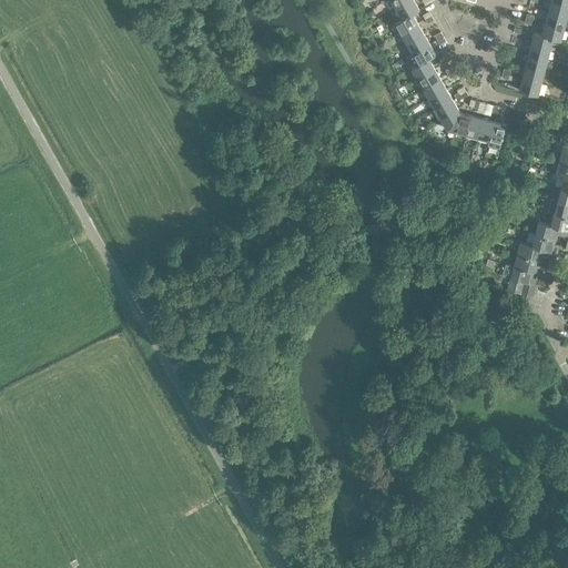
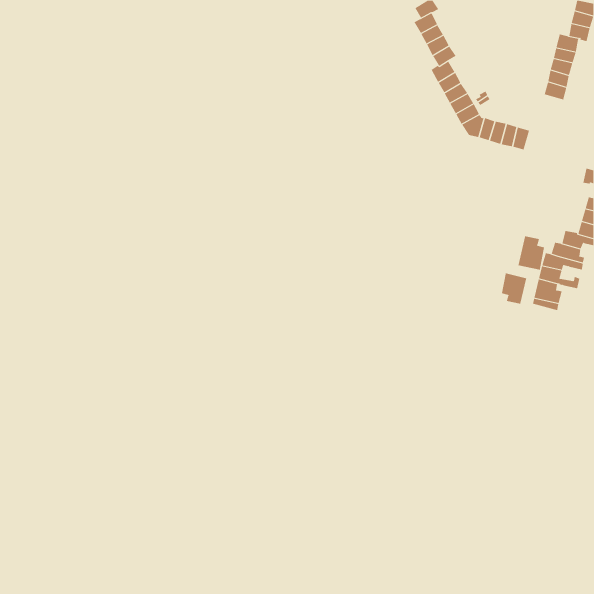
building: none -> [518,236,545,271]
building: none -> [501,273,527,304]

